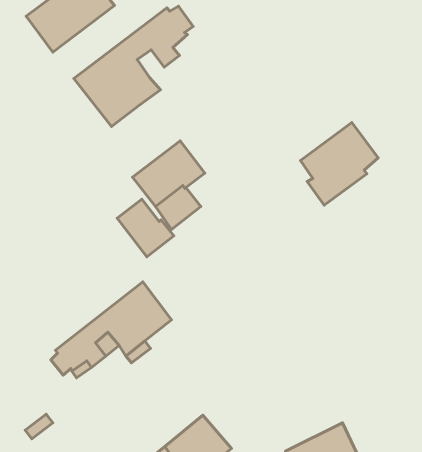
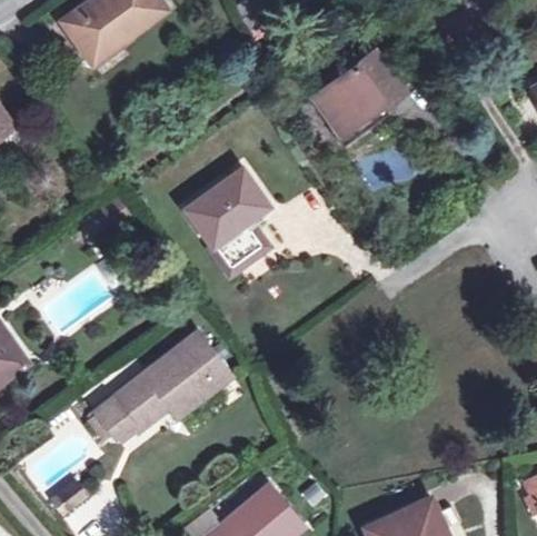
building: [74,6,193,126] -> none
building: [300,122,378,205] -> [312,51,404,148]
building: [117,199,174,257] -> none

